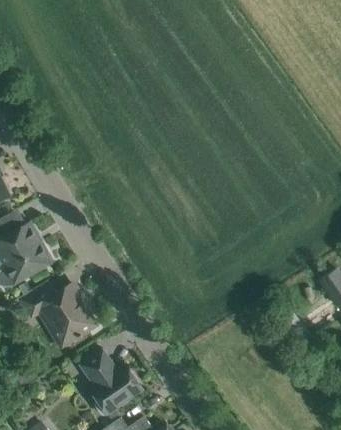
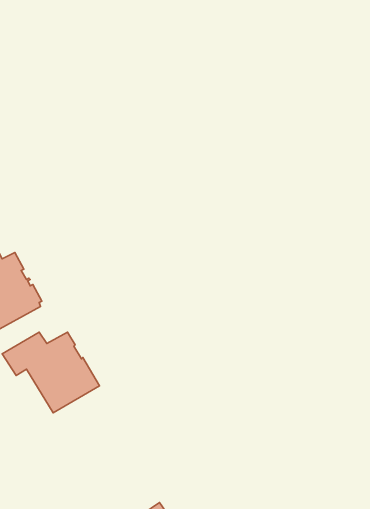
building: [80,349,143,415] -> none

